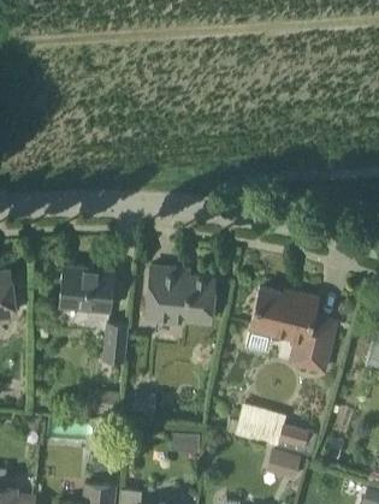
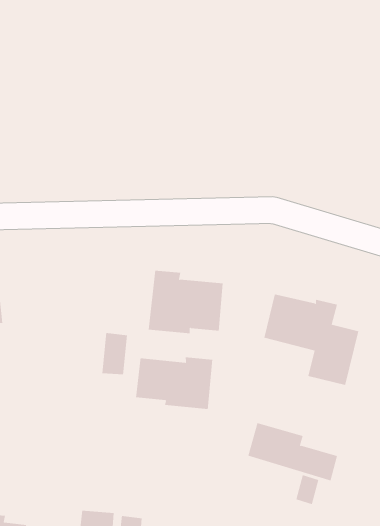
building: [59,265,114,312] -> none
building: none -> [135,356,213,410]

